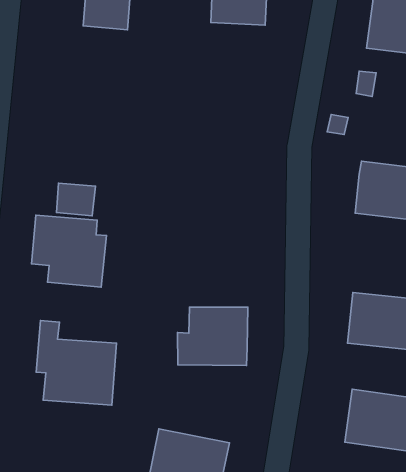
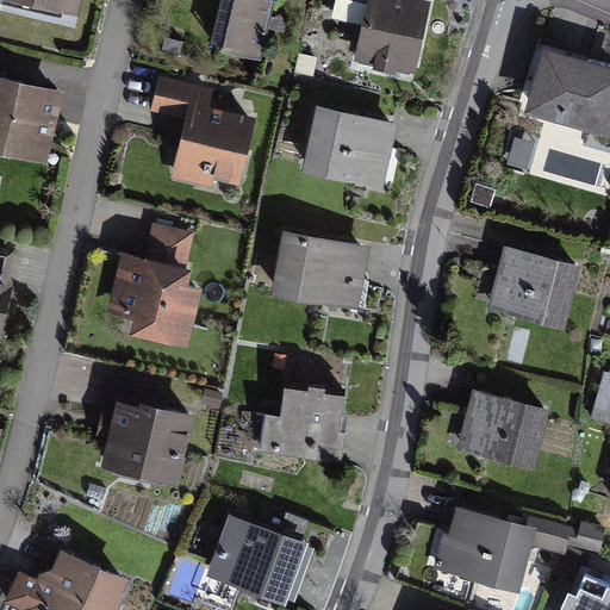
building: none -> [152,77,254,187]
building: none -> [301,104,394,185]
building: none -> [270,235,369,313]

